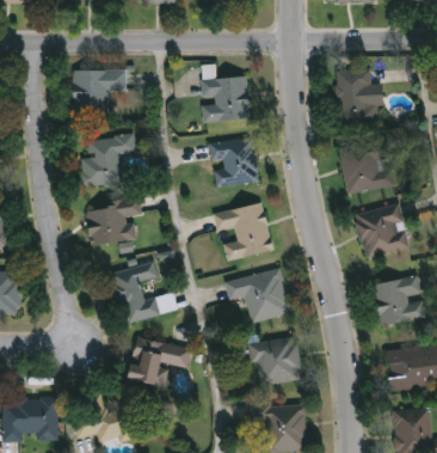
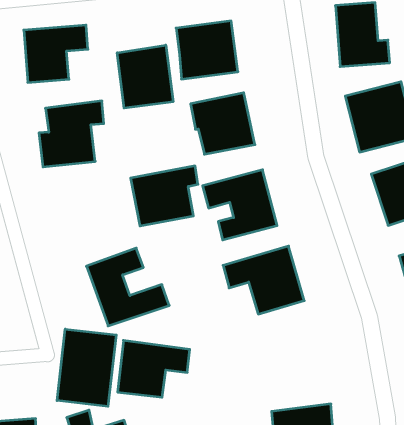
building: none -> [117,45,173,108]
building: [86,198,142,245] -> [131,166,198,226]
building: none -> [57,329,116,406]
building: [250,332,304,386] -> none

